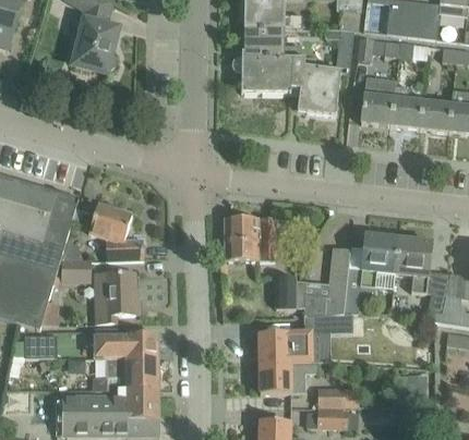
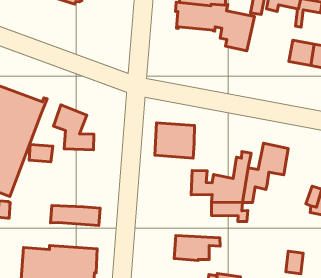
building: [361,75,396,124] -> none
building: [395,237,432,292] -> none
building: [95,270,136,320] -> none
building: [258,331,317,362] -> none
building: [96,356,158,387] -> none
building: [316,386,359,405] -> none

